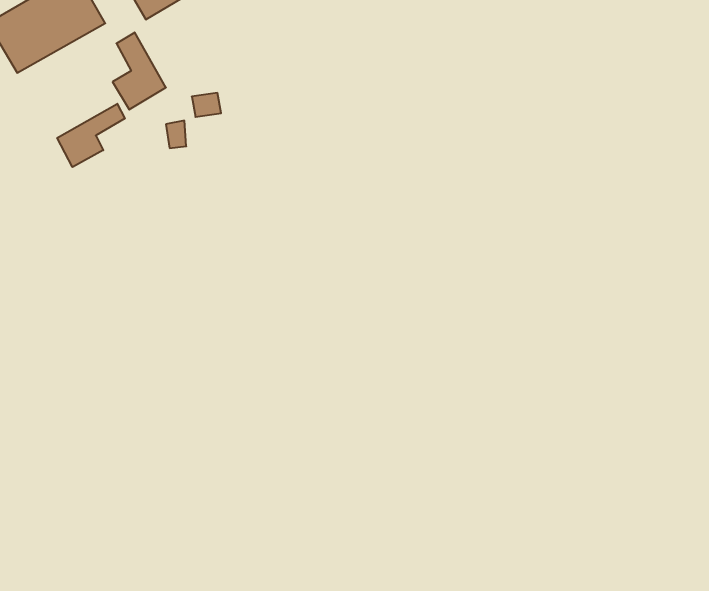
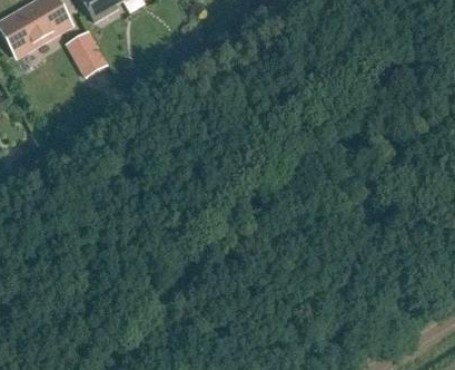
building: [57,104,125,167] -> none

